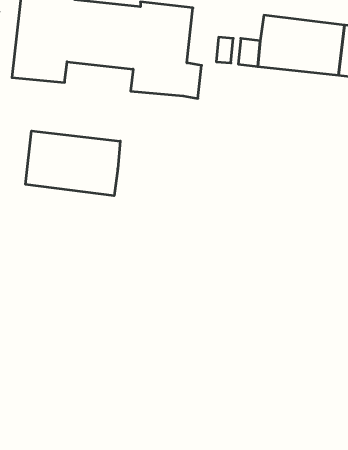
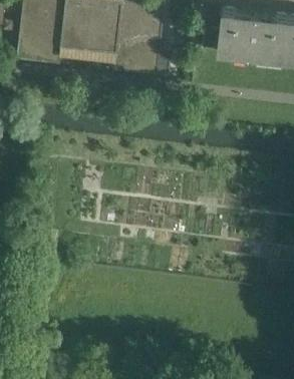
building: [26,131,120,196] -> none

